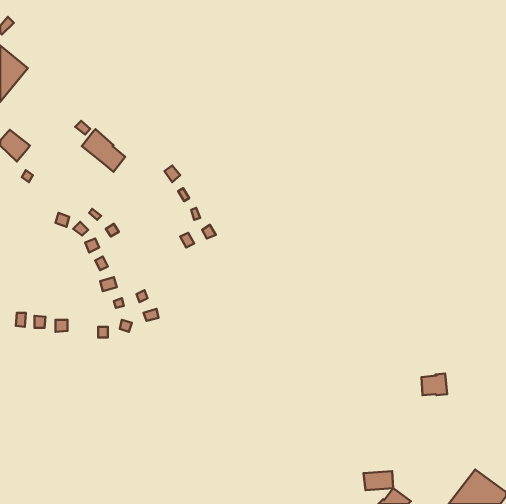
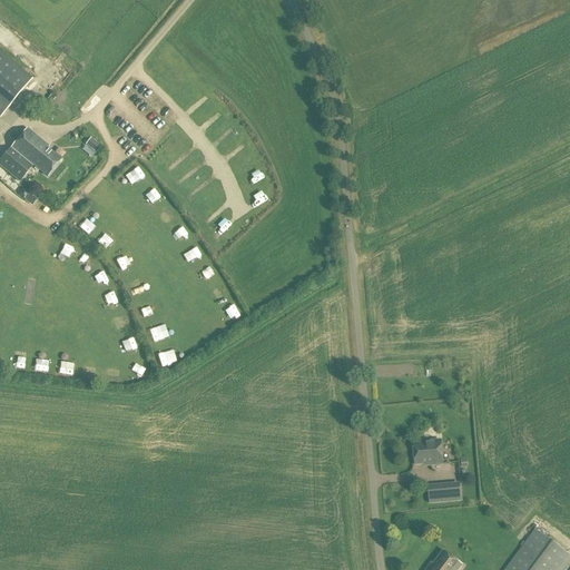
building: [82,129,125,172] -> [11,127,60,175]
building: [422,373,447,395] -> [413,439,442,463]
building: [363,471,393,490] -> [428,481,461,502]

